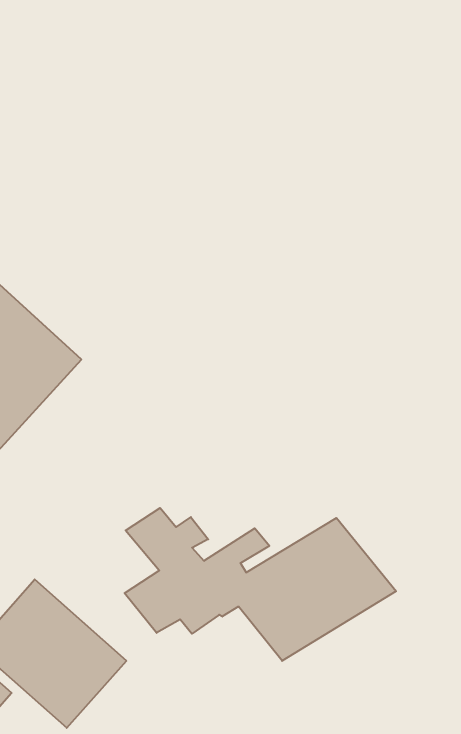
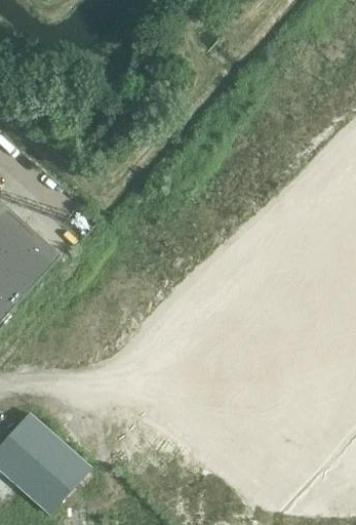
building: [125,508,396,661] -> none

